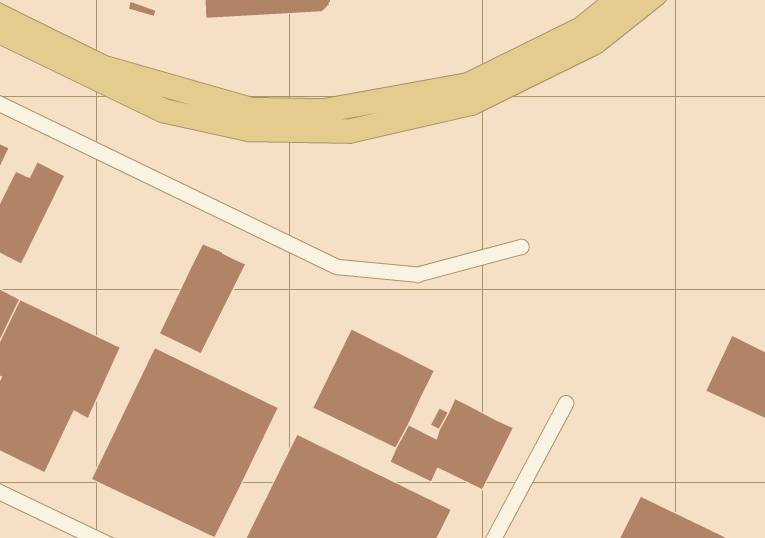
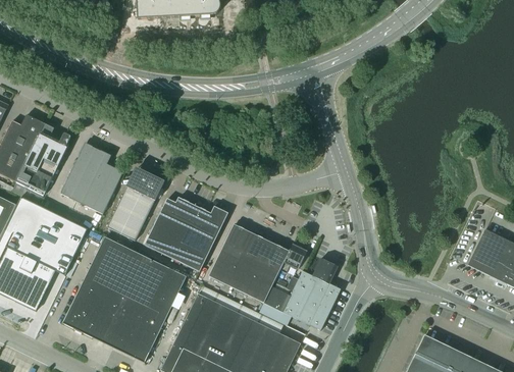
building: none -> [16,123,70,196]
building: none -> [60,144,123,214]
building: none -> [144,198,227,271]
building: none -> [279,245,307,273]
building: none -> [312,258,338,284]

